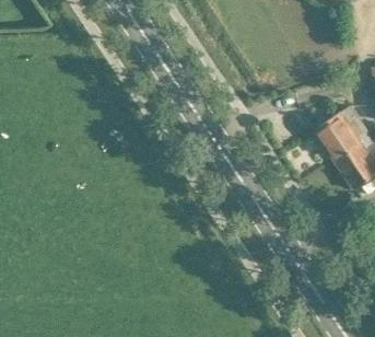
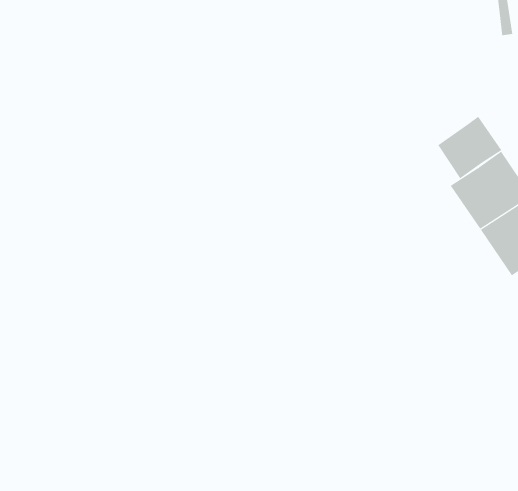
building: none -> [437,116,502,179]

